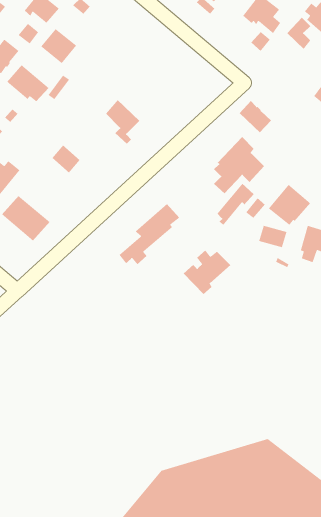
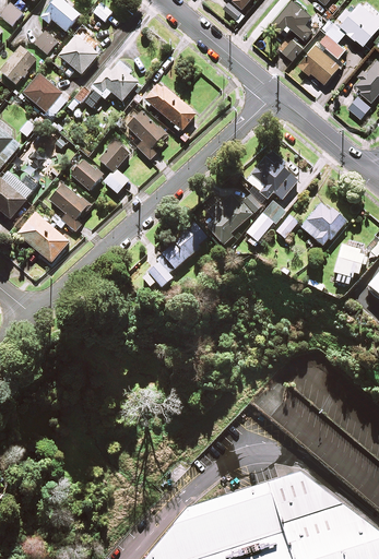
building: none -> [297,45,340,84]
building: none -> [83,61,137,109]
building: none -> [143,83,194,131]
building: [239,100,272,133] -> none
building: none -> [99,143,128,193]
building: none -> [48,183,91,231]
building: [258,225,288,248] -> none
building: [183,250,231,295] -> [201,197,252,245]

